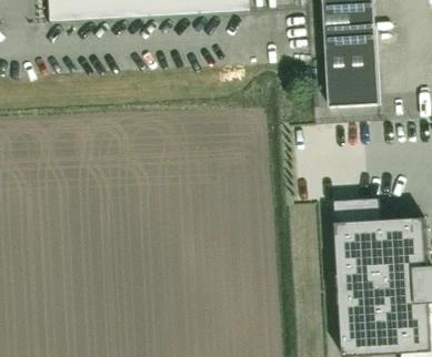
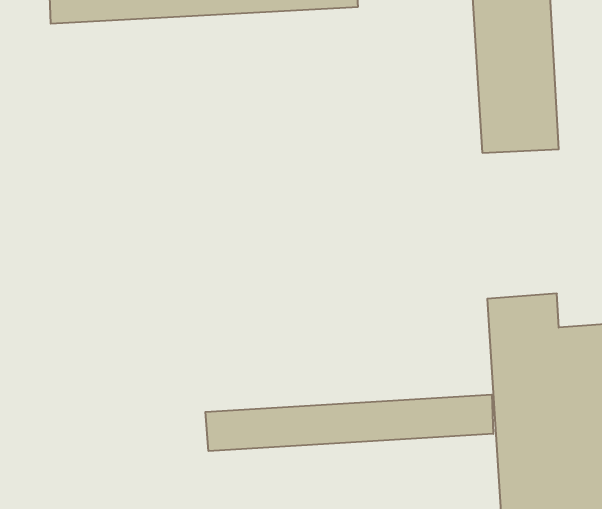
building: none -> [205,395,493,451]

